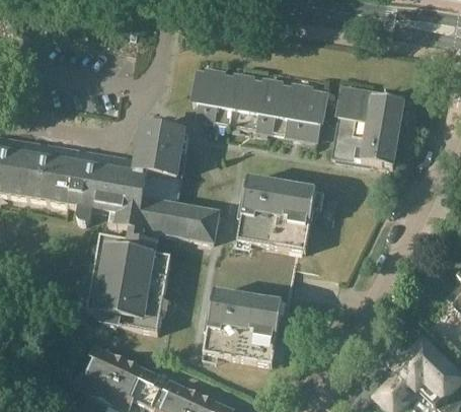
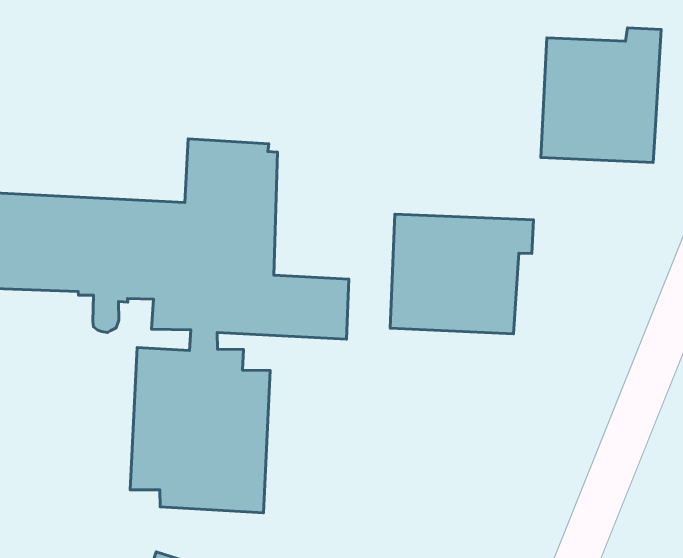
building: [193,68,326,139] -> none
building: [203,290,289,364] -> none

